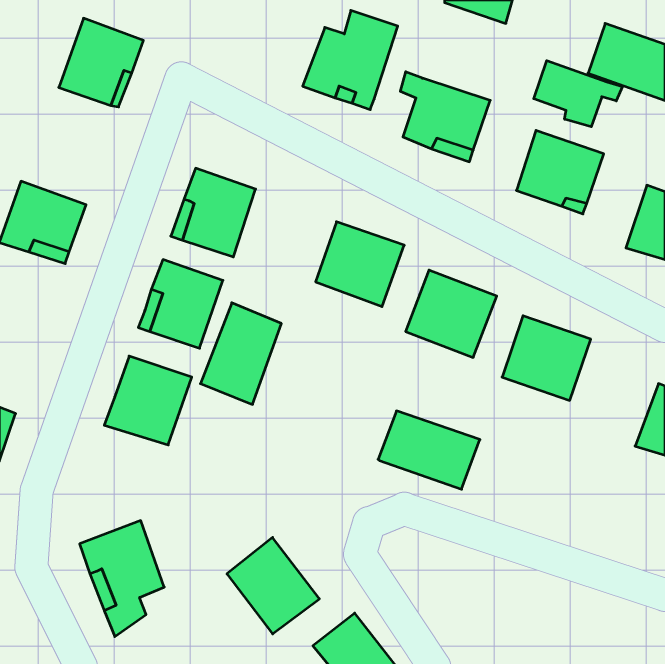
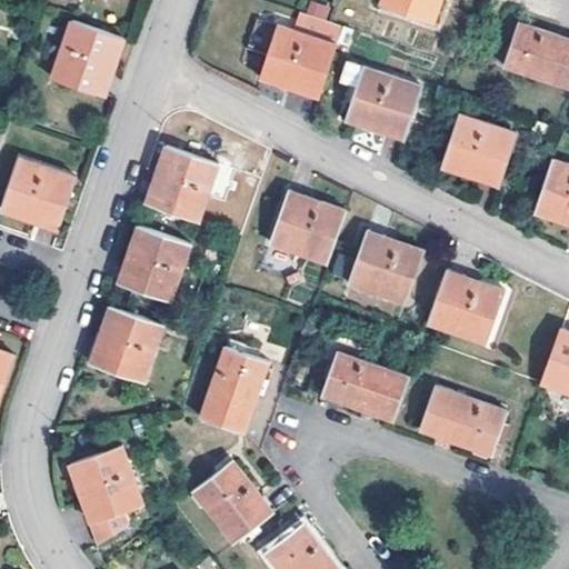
building: [534,61,622,127] -> none
building: [200,303,281,404] -> [198,347,267,433]
building: none -> [419,387,505,453]

